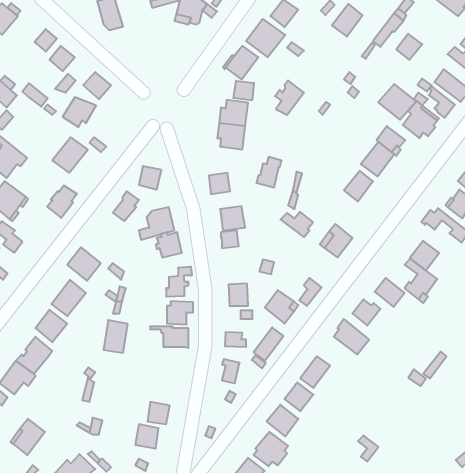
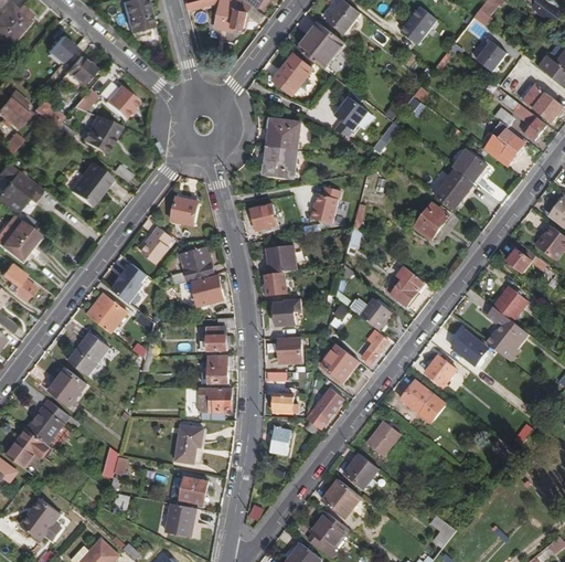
building: [233,81,254,100] -> none
building: [378,84,416,120] -> none
building: [47,185,77,218] -> [110,264,146,303]
building: [280,212,313,237] -> [350,299,388,329]
building: none -> [276,300,296,327]
building: [104,320,128,353] -> [174,426,203,465]

